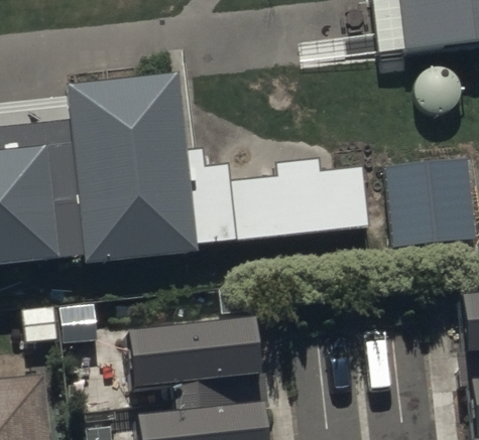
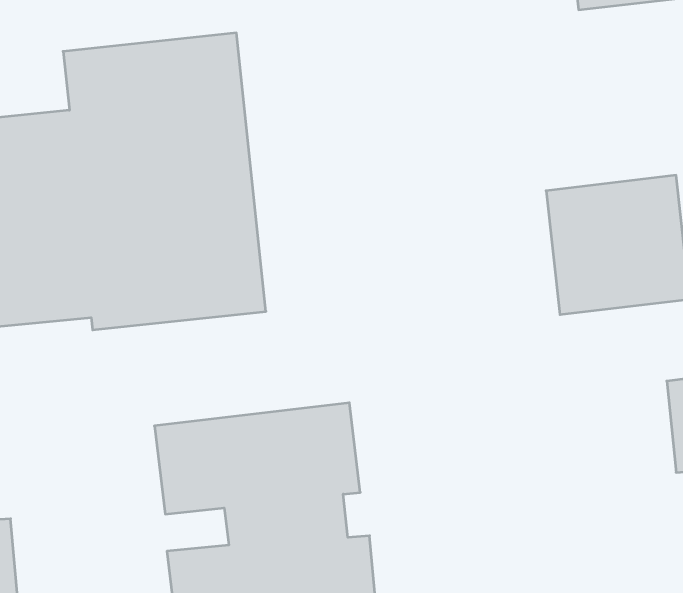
building: [198,170,366,246] -> none

